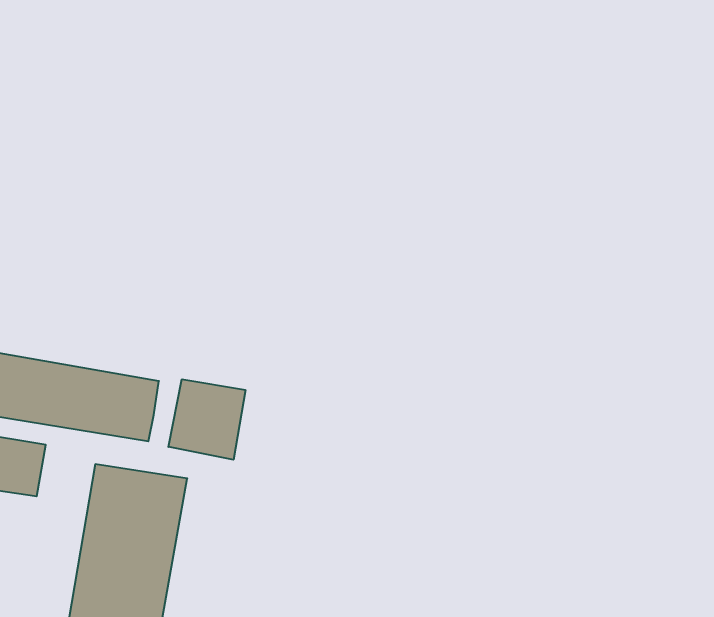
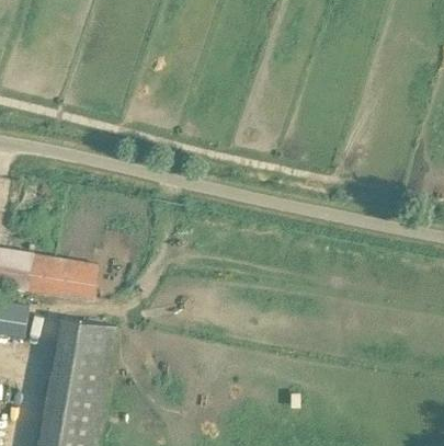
building: [168,379,245,460] -> none

